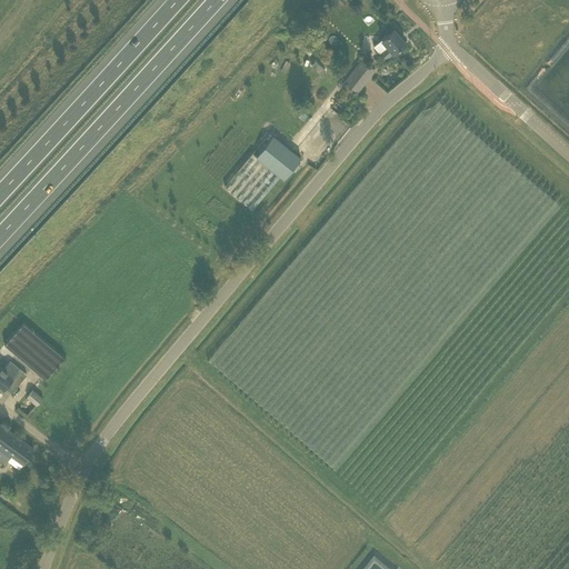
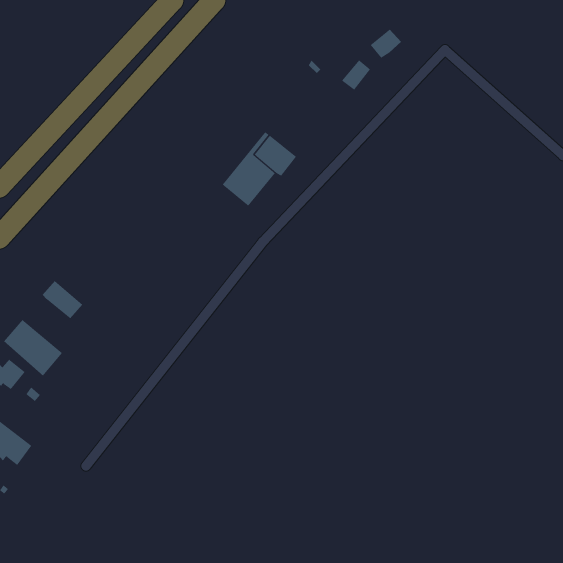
building: none -> [42,280,83,319]

